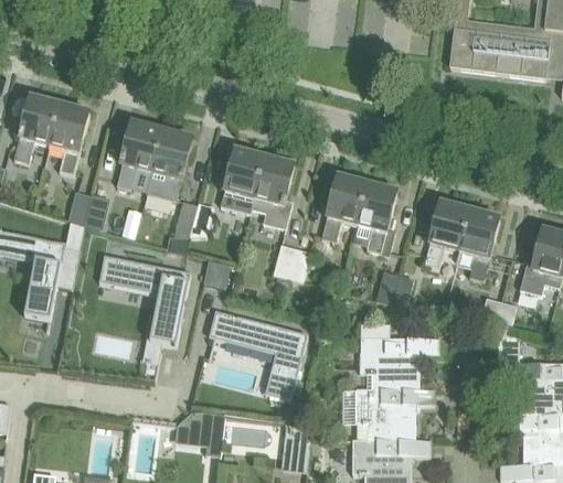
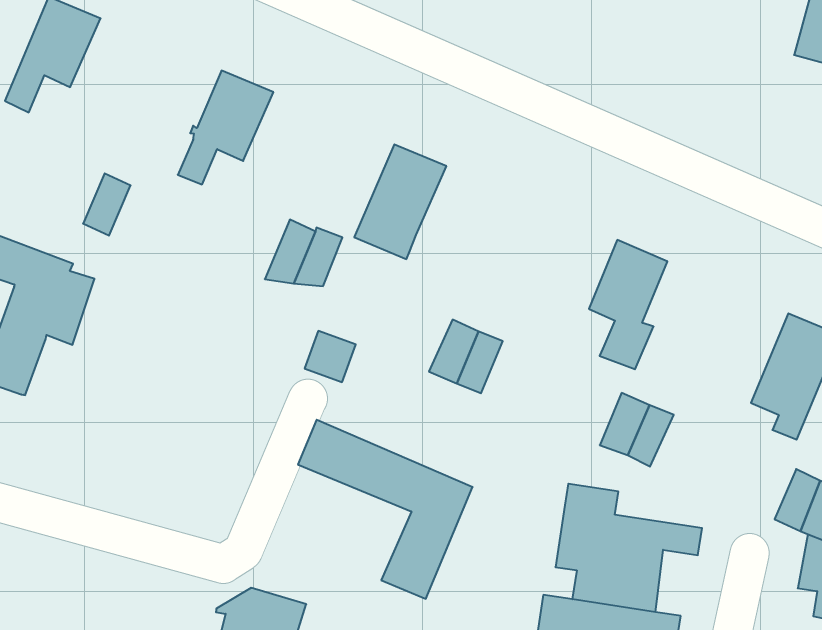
building: [49,105,89,174] -> none
building: [147,131,191,200] -> none
building: [252,158,294,228] -> none
building: [321,176,367,242] -> none
building: [83,193,110,230] -> none
building: [423,203,468,269] -> none
building: [98,255,190,345] -> none

